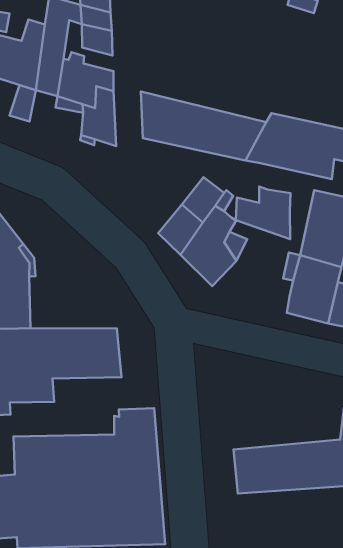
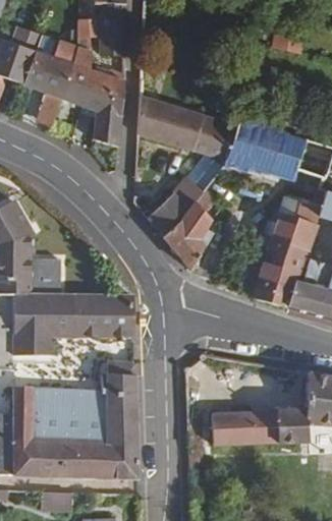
building: [236,186,290,239] -> none
building: none -> [111,298,139,340]

